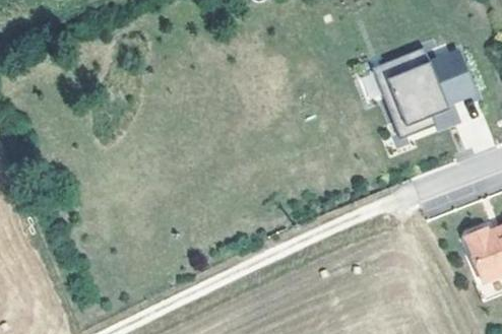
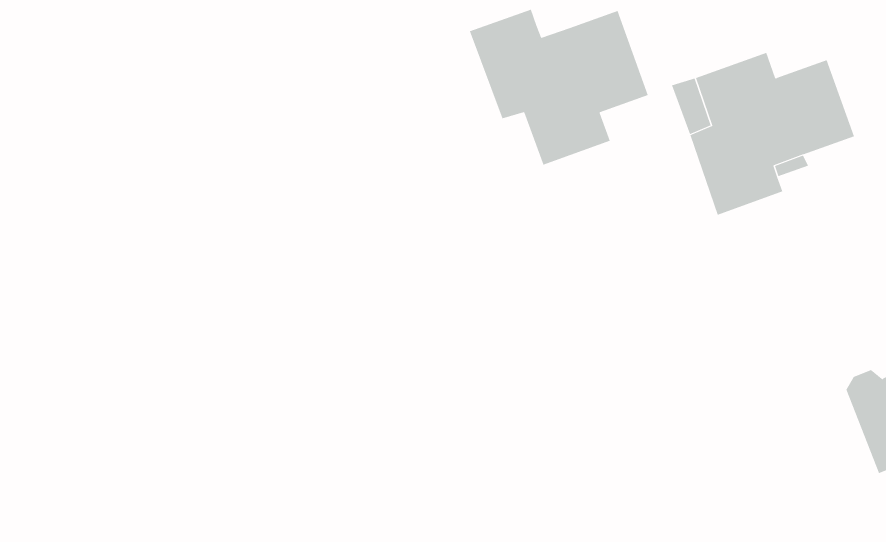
building: none -> [469,9,649,165]

